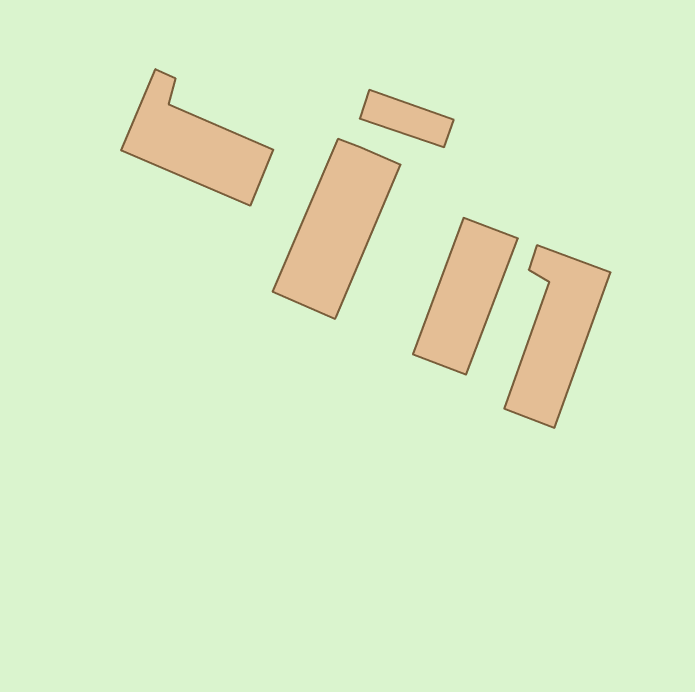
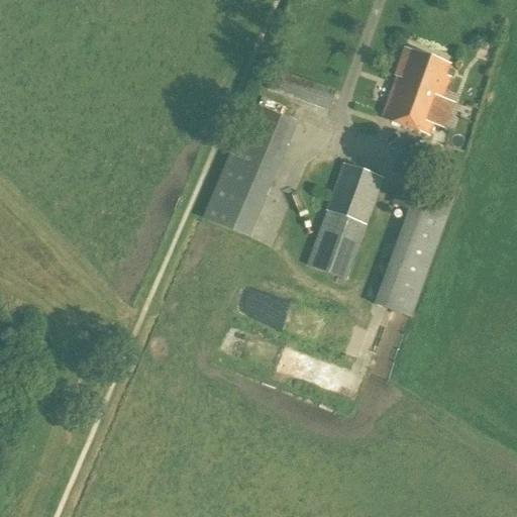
building: none -> [384,47,455,132]
building: [121,69,273,206] -> none

